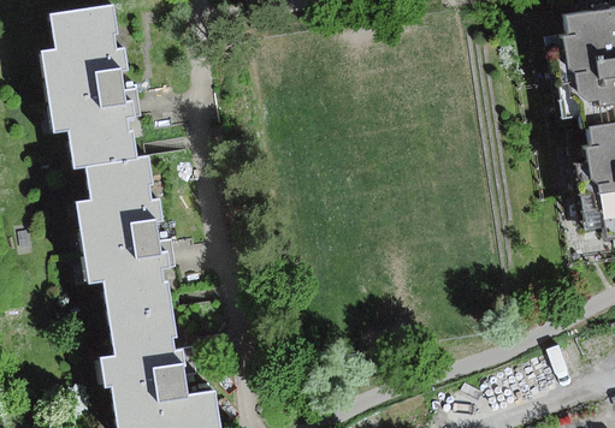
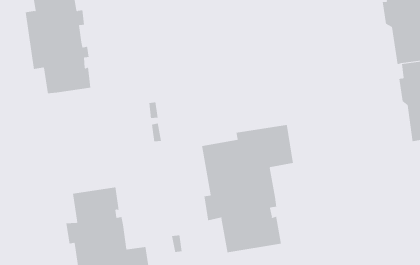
building: [76,157,173,313] -> none
building: none -> [201,124,294,253]

